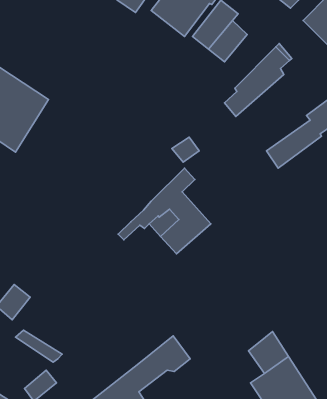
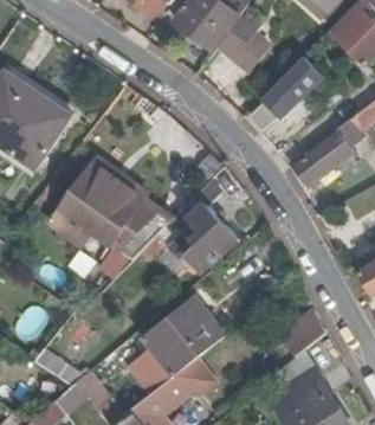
building: none -> [49,168,166,264]
building: none -> [142,305,220,386]
building: none -> [278,311,325,359]

